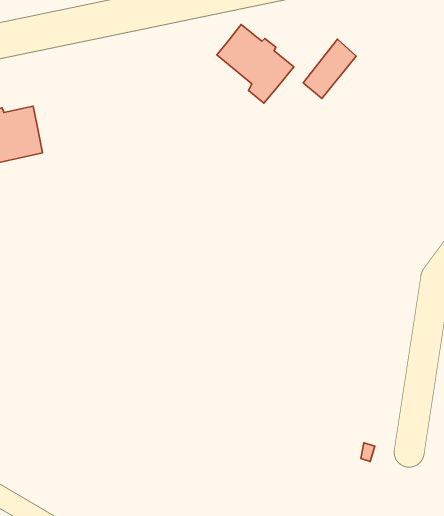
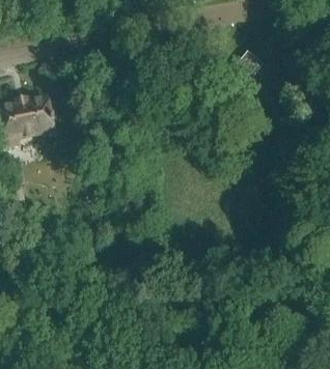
building: [217,24,294,103] -> none

